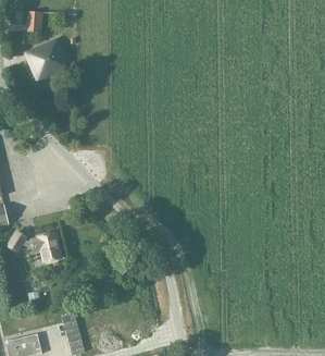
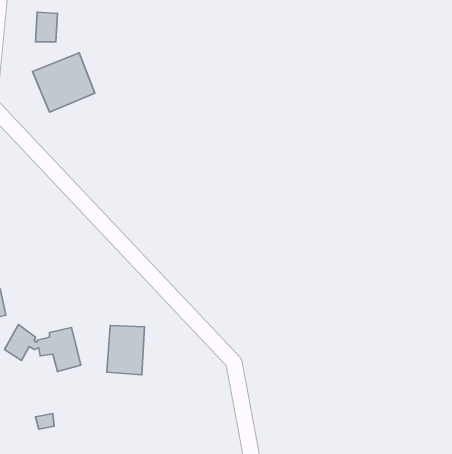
building: none -> [107,325,145,375]

